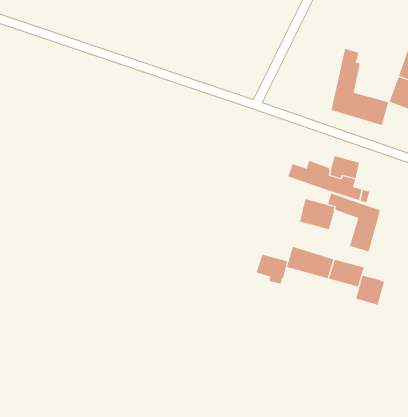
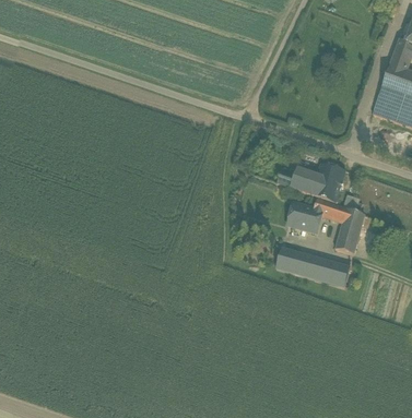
building: [331,48,389,126] -> none
building: [256,254,288,284] -> none
building: [356,275,385,306] -> none

